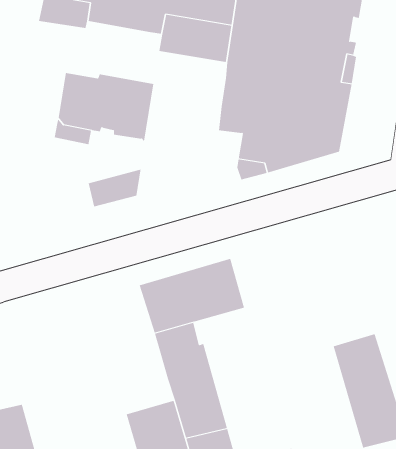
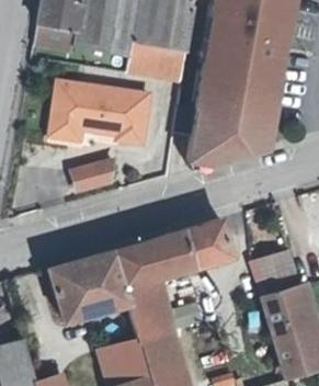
building: none -> [117,93,148,146]
building: none -> [184,218,231,266]
building: none -> [49,249,129,319]
building: none -> [253,252,299,296]

